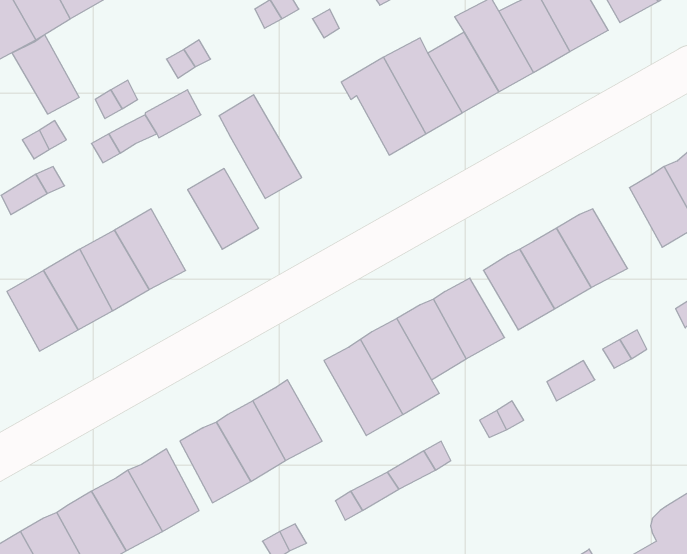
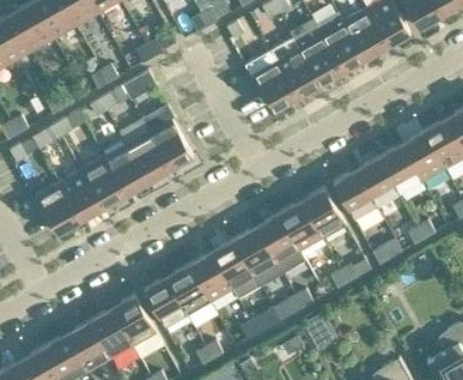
building: [12,35,79,114] -> none
building: [219,95,302,198] -> [118,119,170,183]
building: none -> [401,132,444,182]
building: none -> [211,240,260,298]

